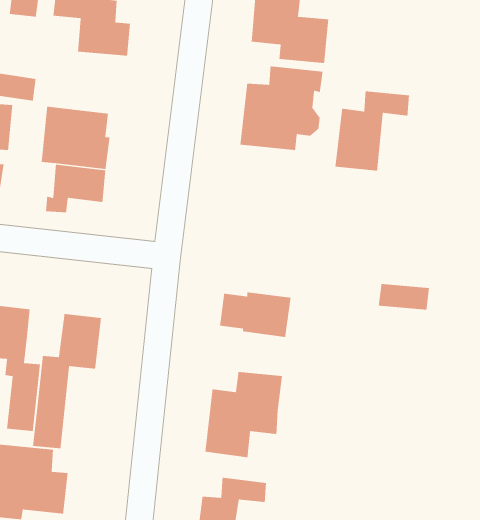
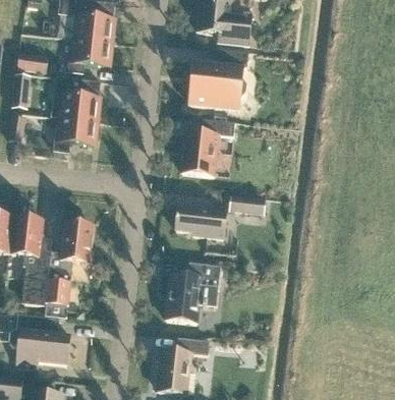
building: none -> [68,38,112,72]
building: [334,90,410,172] -> [182,118,235,175]
building: [378,283,430,311] -> [230,194,267,214]

